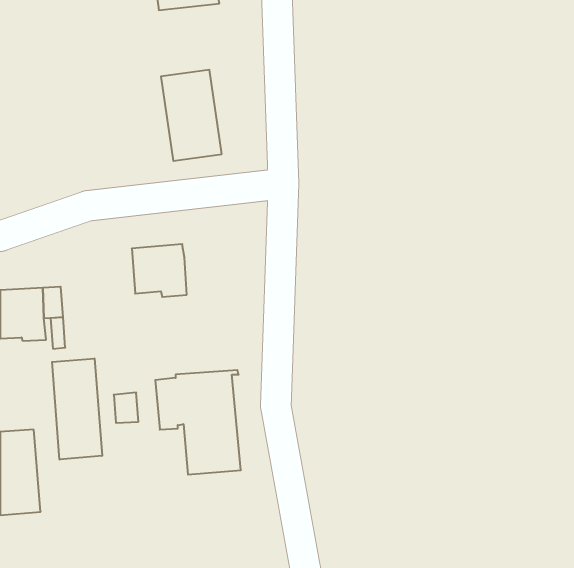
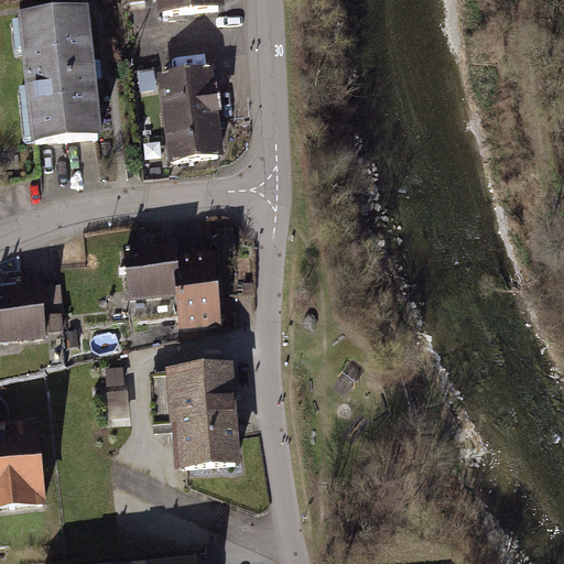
building: none -> [14,12,87,144]
building: none -> [182,249,227,324]
building: [52,358,102,460] -> none

